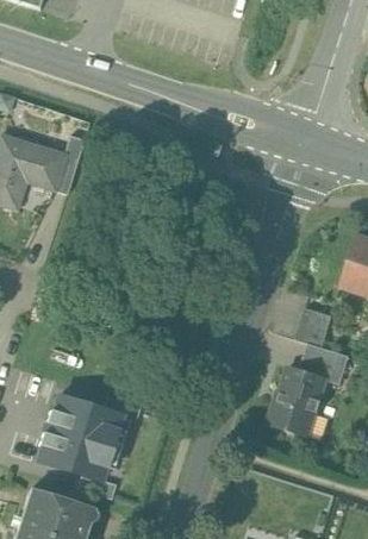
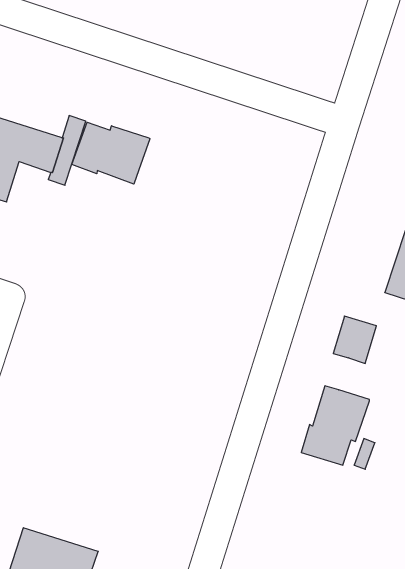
building: none -> [72,122,150,184]
building: [301,341,350,383] -> none
building: [42,397,120,476] -> none

